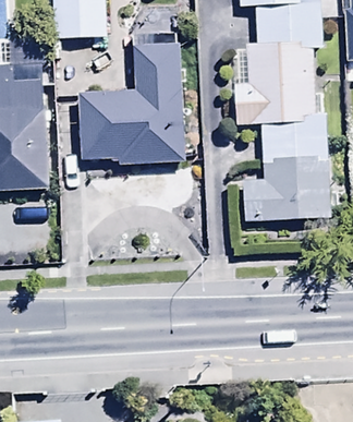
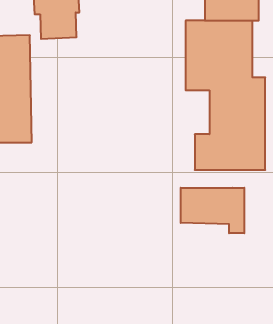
building: [80,44,186,161] -> none
building: none -> [181,188,244,233]

